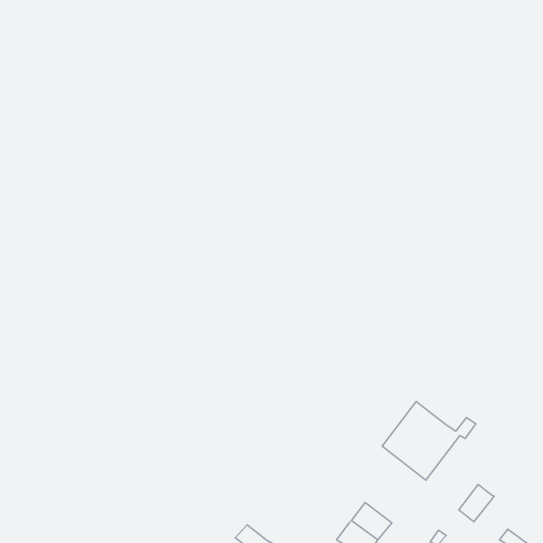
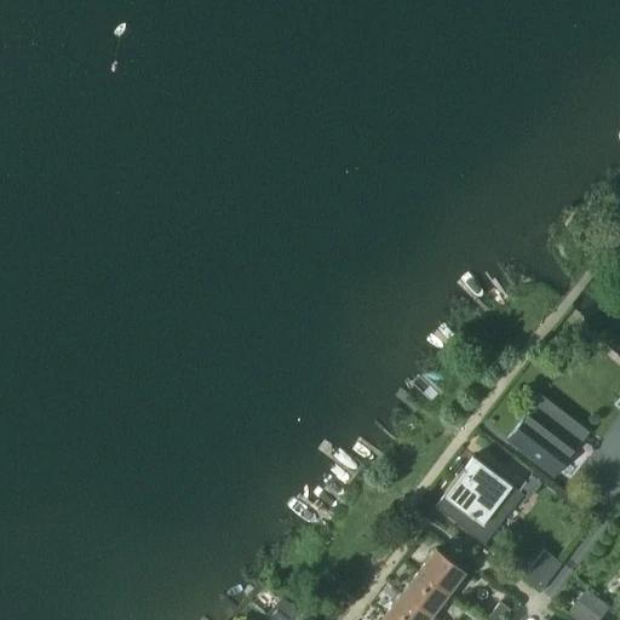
building: none -> [507,397,586,476]
building: none -> [417,549,465,596]

